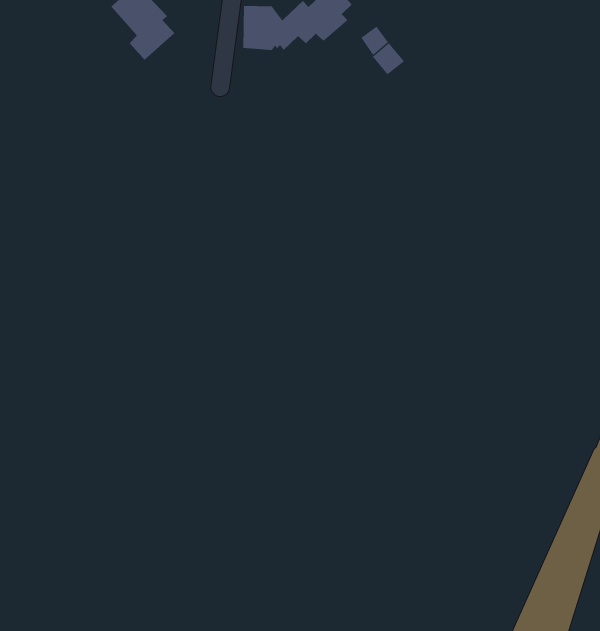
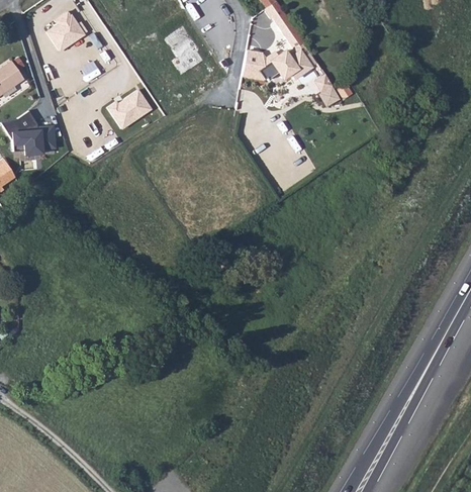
building: none -> [107,90,150,127]

